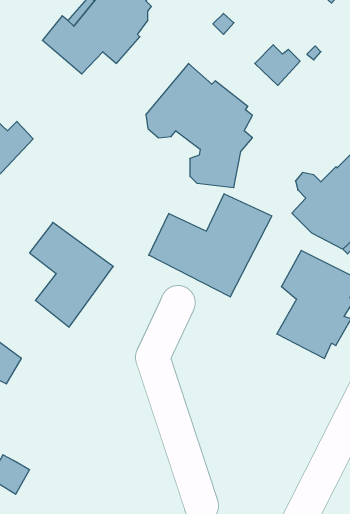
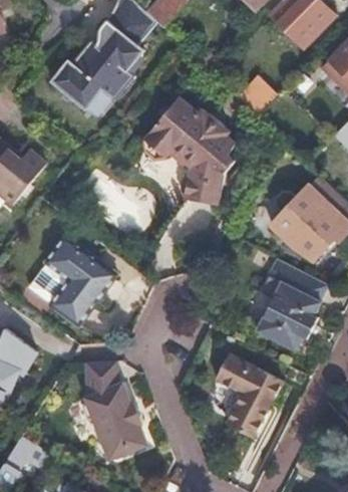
building: [149,194,272,297] -> none
building: none -> [217,355,283,440]
building: none -> [82,360,146,459]

